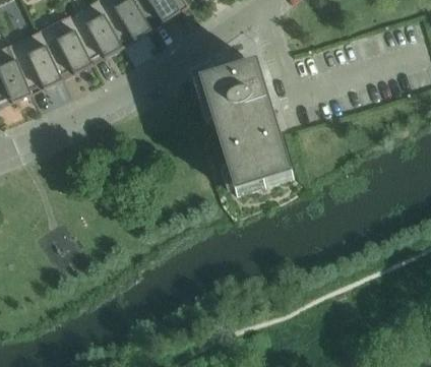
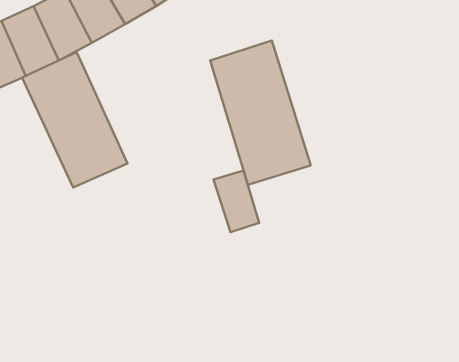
building: none -> [22,52,127,188]
building: none -> [213,171,259,232]

